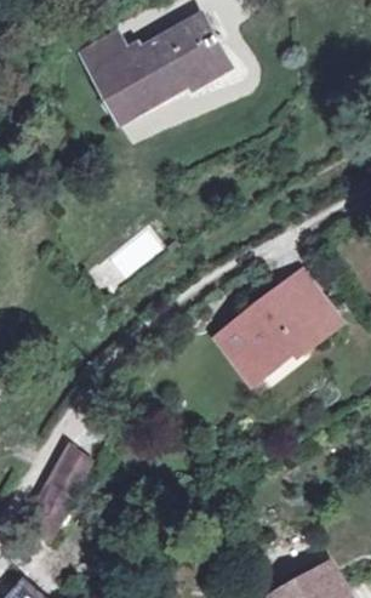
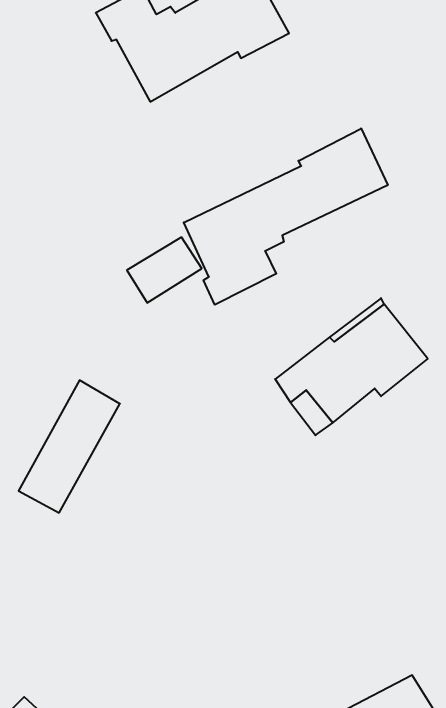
building: none -> [184,128,388,305]
building: [19,440,98,543] -> [19,380,120,513]

